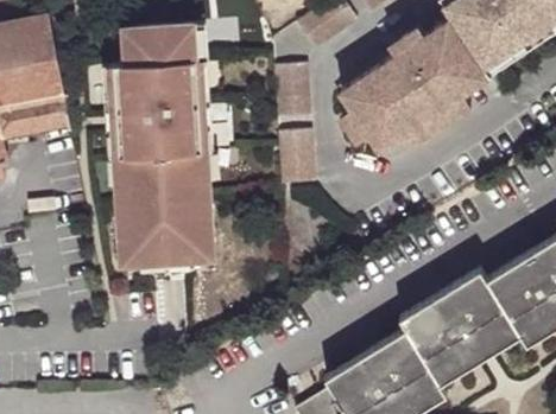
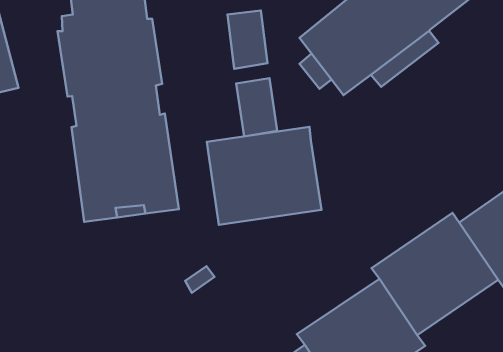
building: none -> [207,127,321,225]

